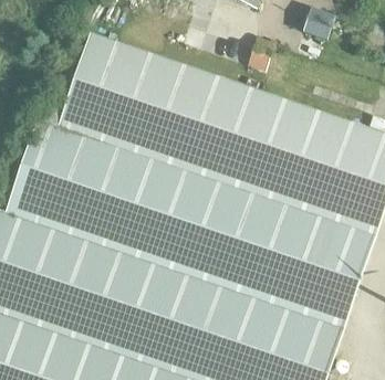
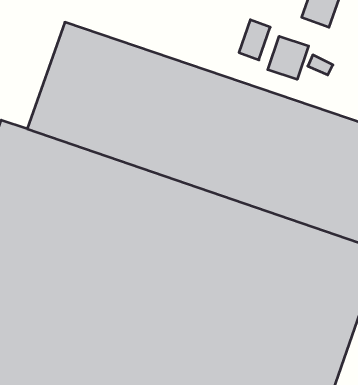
building: none -> [268,36,309,79]

